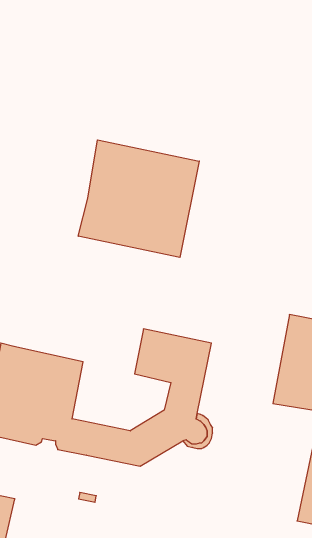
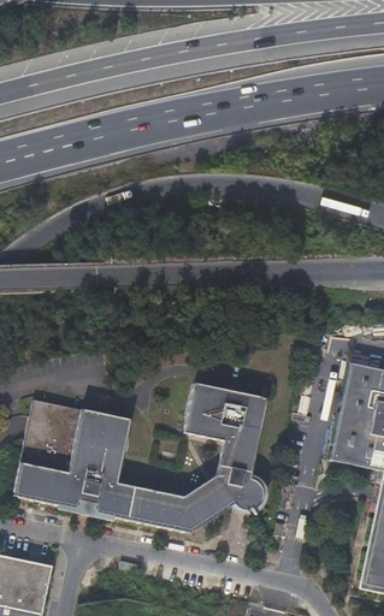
building: [78,140,199,257] -> none

